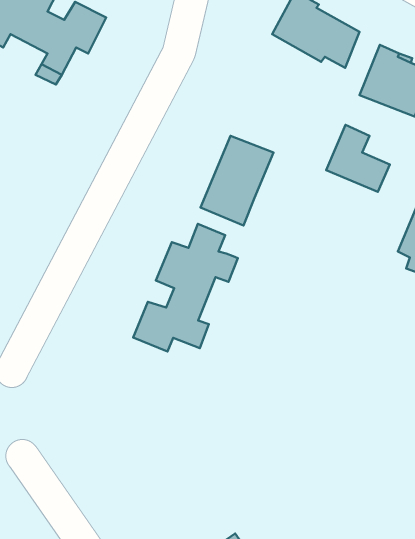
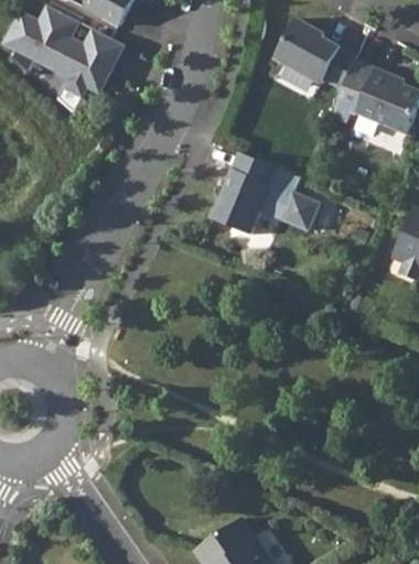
building: [326,125,390,192] -> [259,167,318,229]
building: [133,224,238,352] -> none

